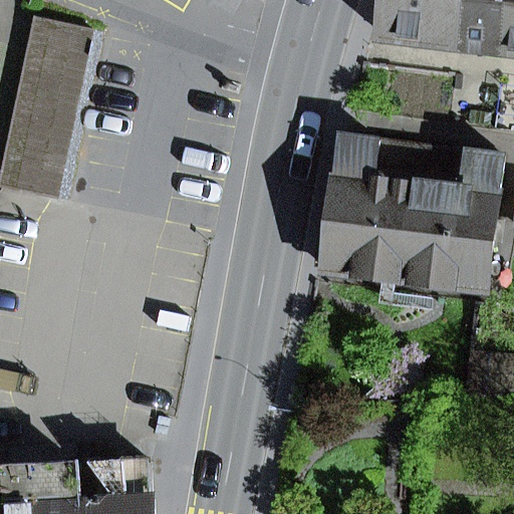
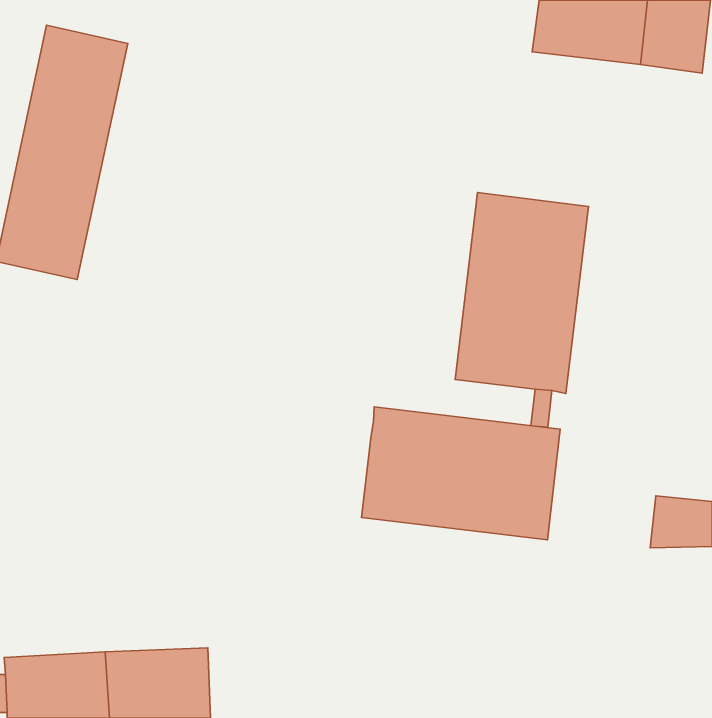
building: [405,148,502,290] -> none
building: none -> [361,407,560,540]

